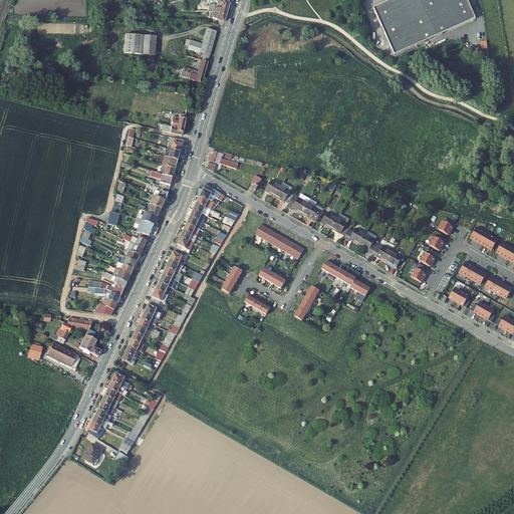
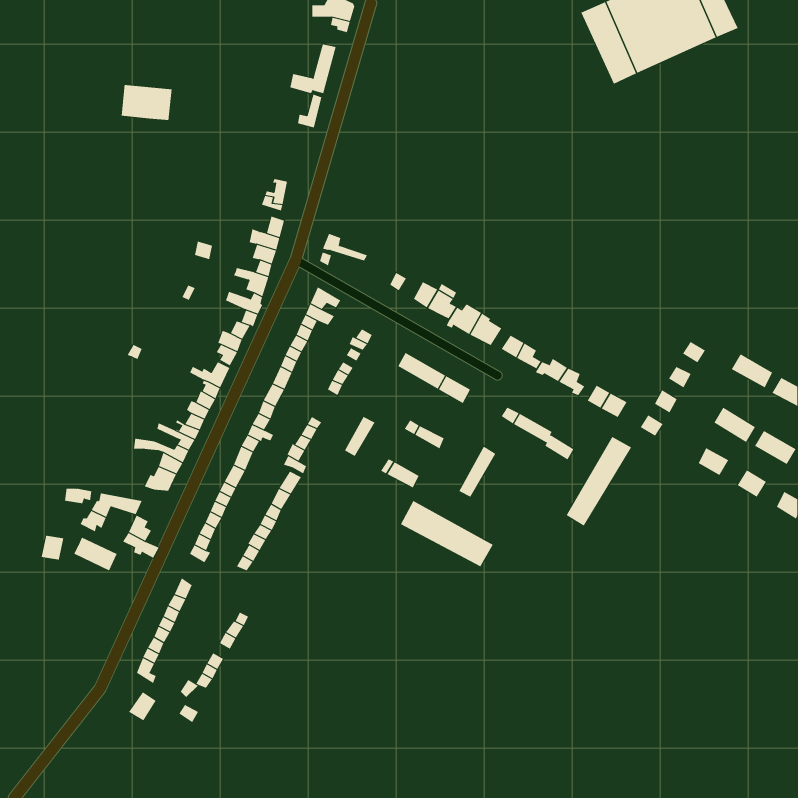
building: [122,32,156,55] -> [121,84,172,120]
building: none -> [566,436,632,527]
building: none -> [400,500,493,567]

